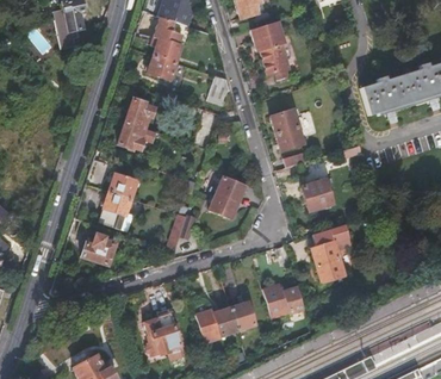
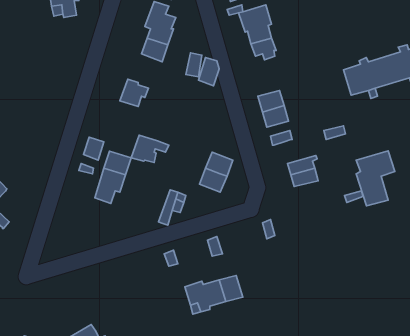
building: [118,120,157,149] -> [131,135,169,162]
building: [311,224,352,281] -> [356,151,395,206]
building: [67,231,116,265] -> none
building: [262,284,303,321] -> none
building: [142,312,185,361] -> none

